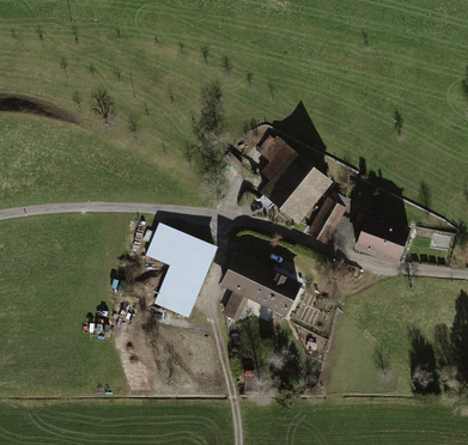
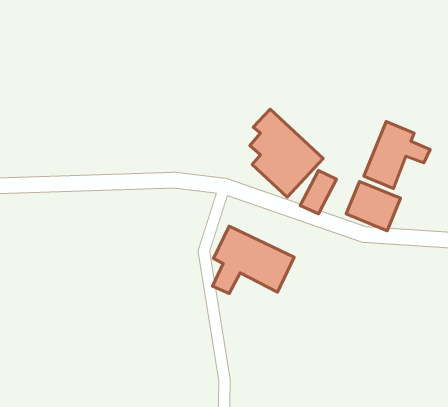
building: none -> [364,122,430,188]
building: [145,224,214,316] -> none

